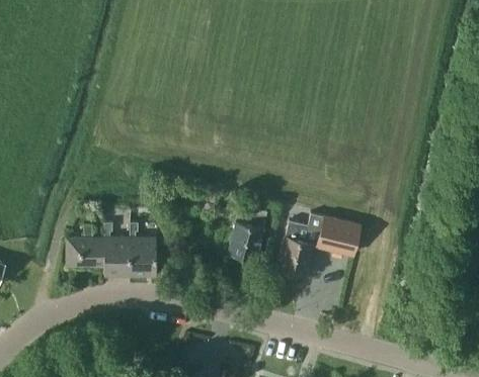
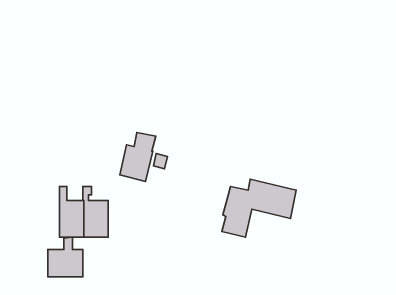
building: [229,207,267,260] -> [120,132,156,181]
building: [67,224,104,267] -> [48,237,83,277]

